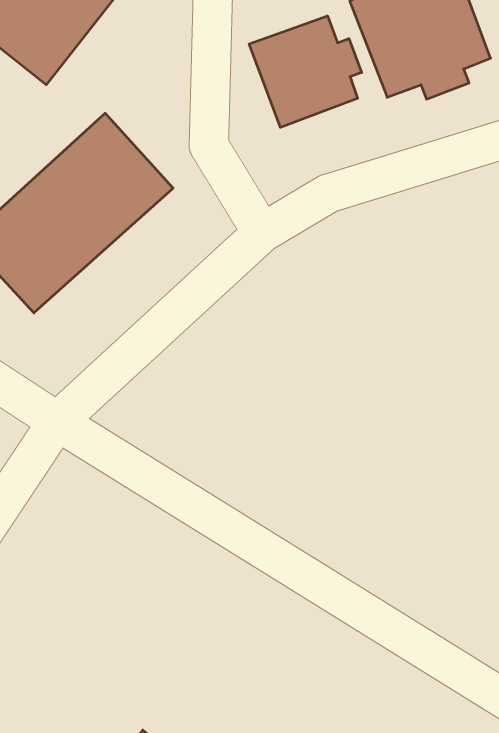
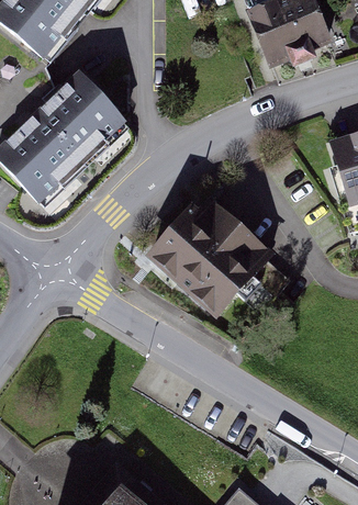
building: [249,16,362,127] -> none
building: none -> [144,190,270,316]

